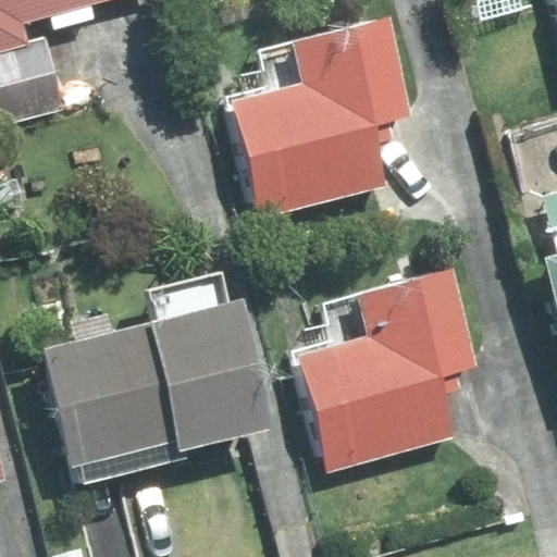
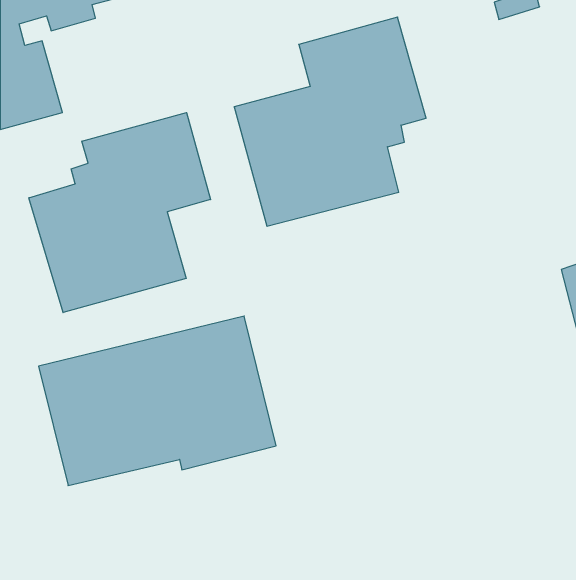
building: none -> [29,113,211,313]
building: [297,268,478,471] -> none

